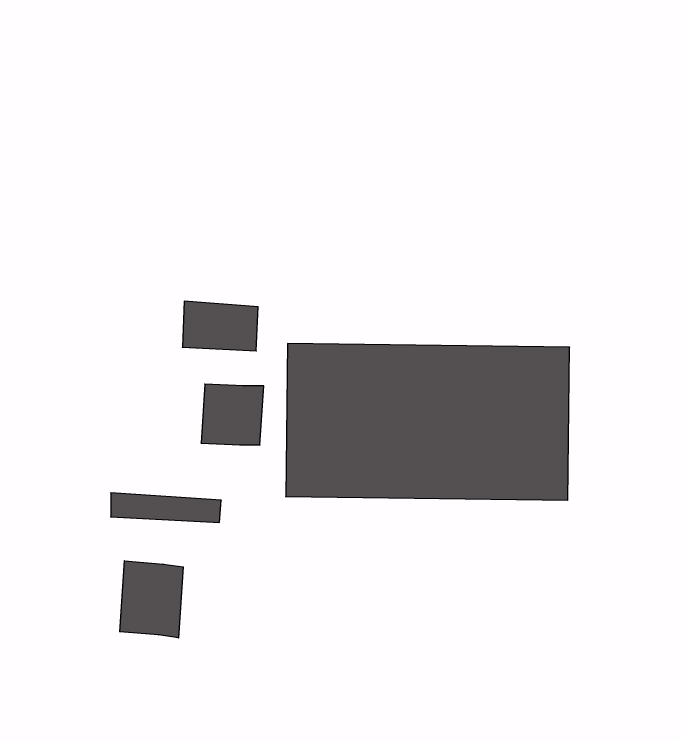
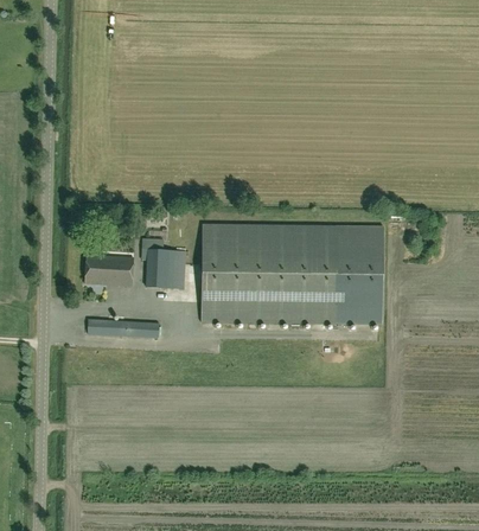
building: [182,301,258,351] -> [84,254,133,286]
building: [120,561,183,638] -> none

